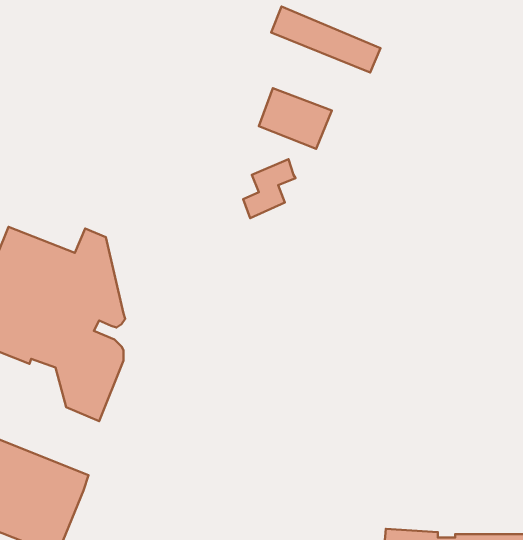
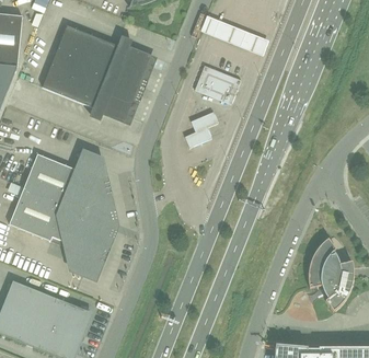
building: none -> [42,25,149,119]
building: none -> [308,238,353,311]

